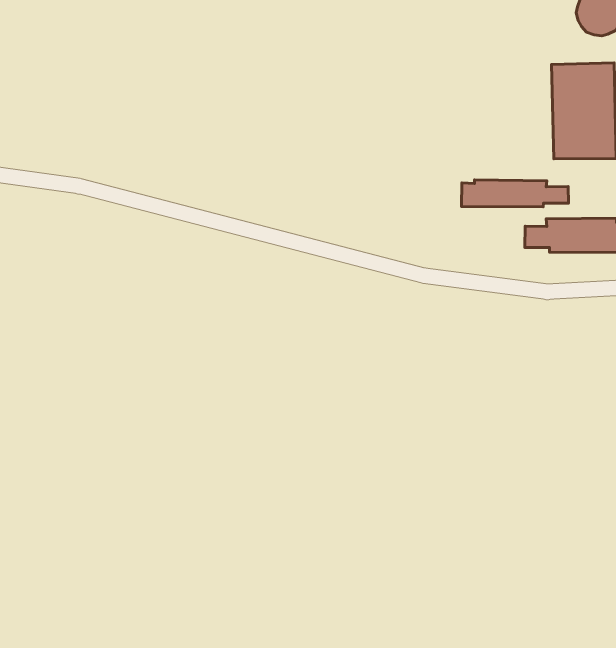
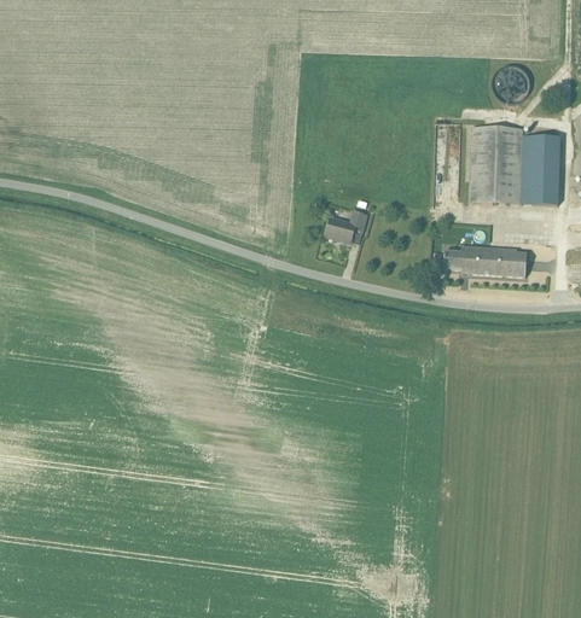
building: [462,180,568,207] -> none
building: none -> [326,210,368,243]

